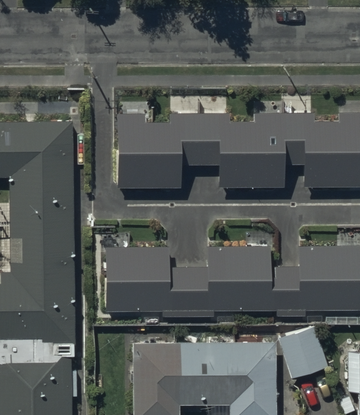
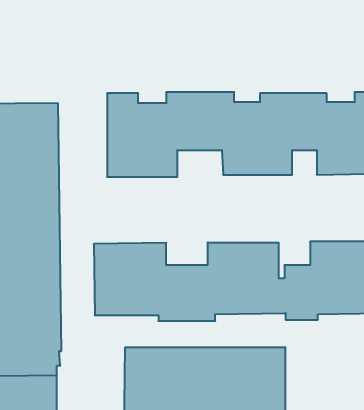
building: [278,326,328,377] -> none

